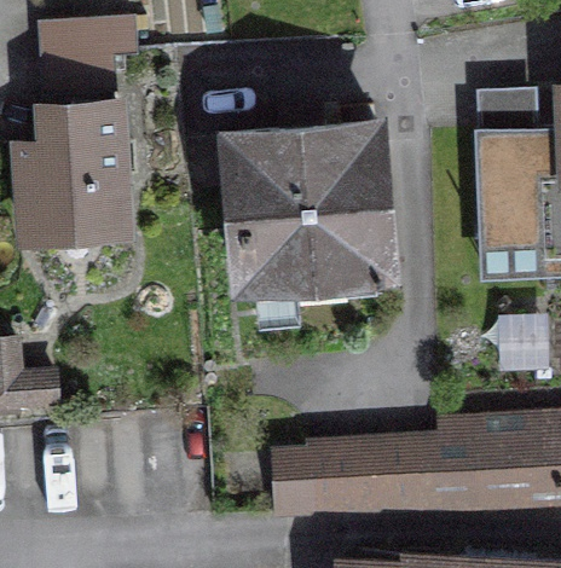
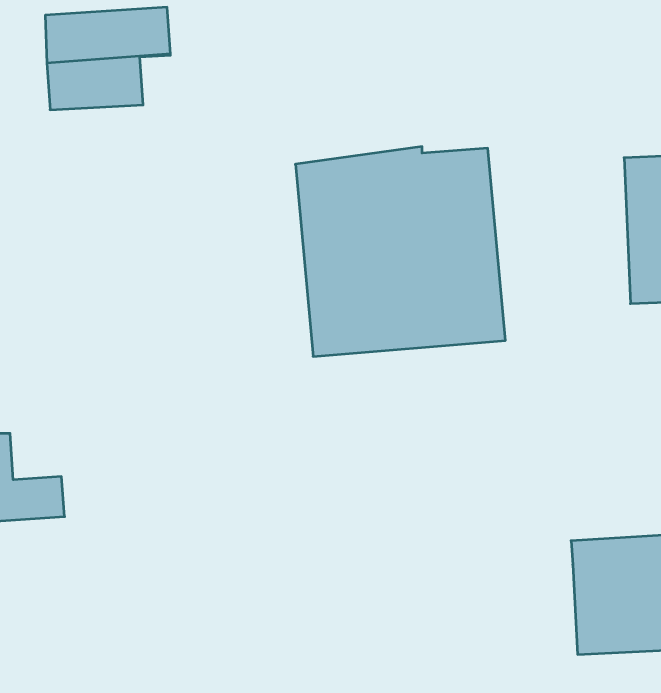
building: [22,100,123,231] -> none
building: [311,436,443,511] -> none

